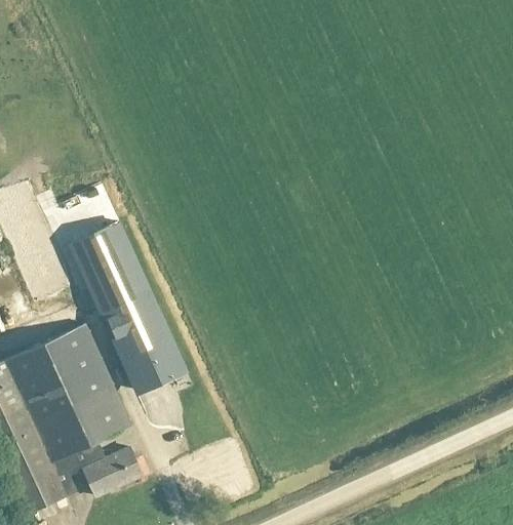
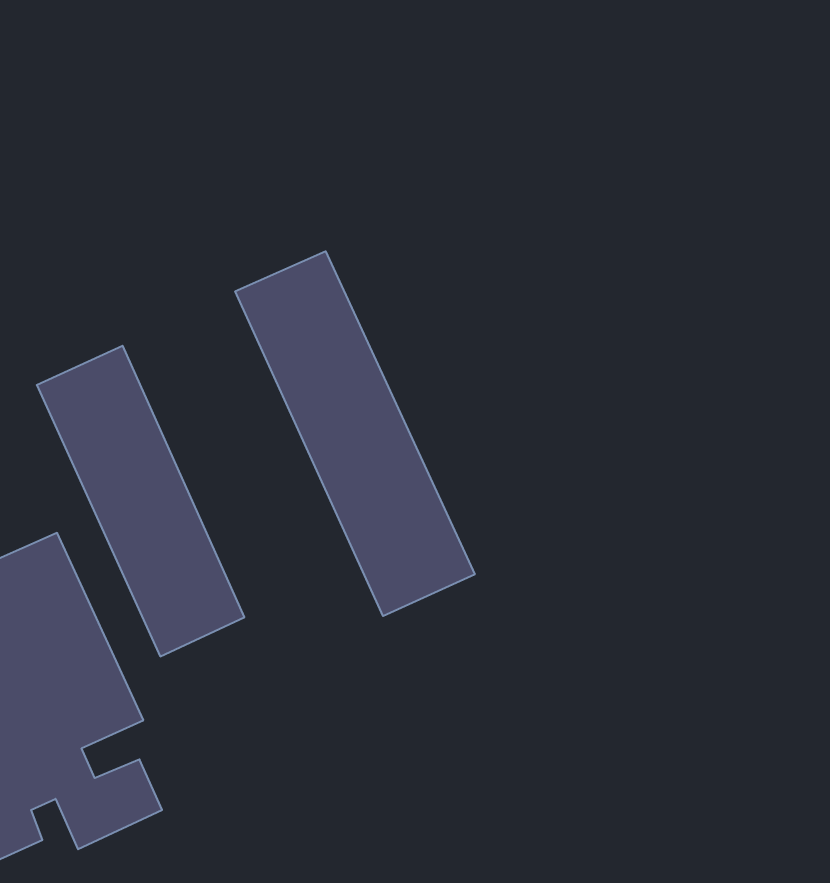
building: none -> [235,251,475,616]

